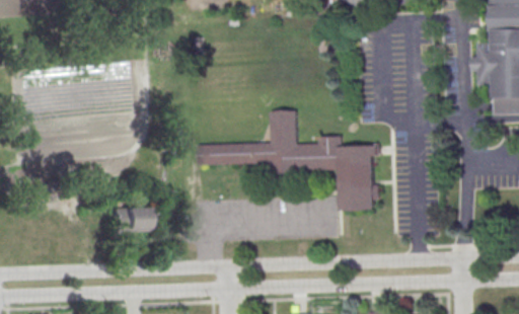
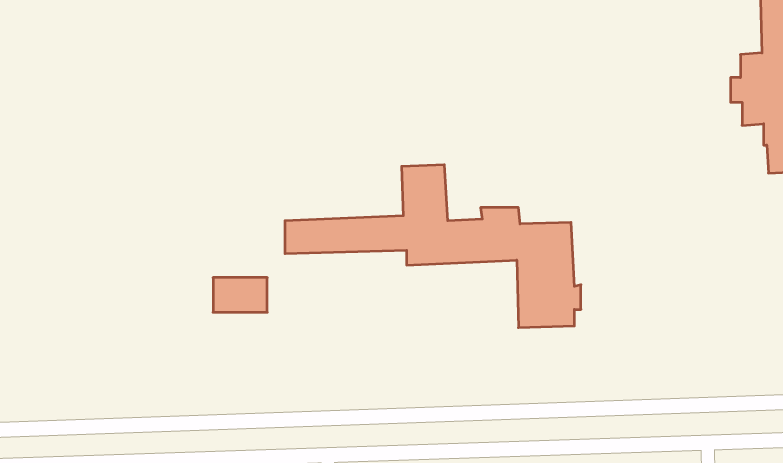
building: [113,208,146,229] -> [213,278,267,312]

